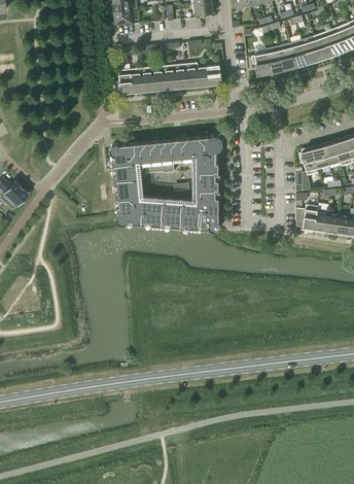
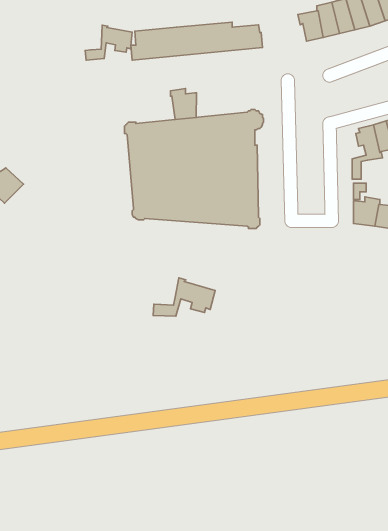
building: none -> [85,25,132,60]
building: none -> [171,88,196,119]
building: none -> [153,278,215,316]

